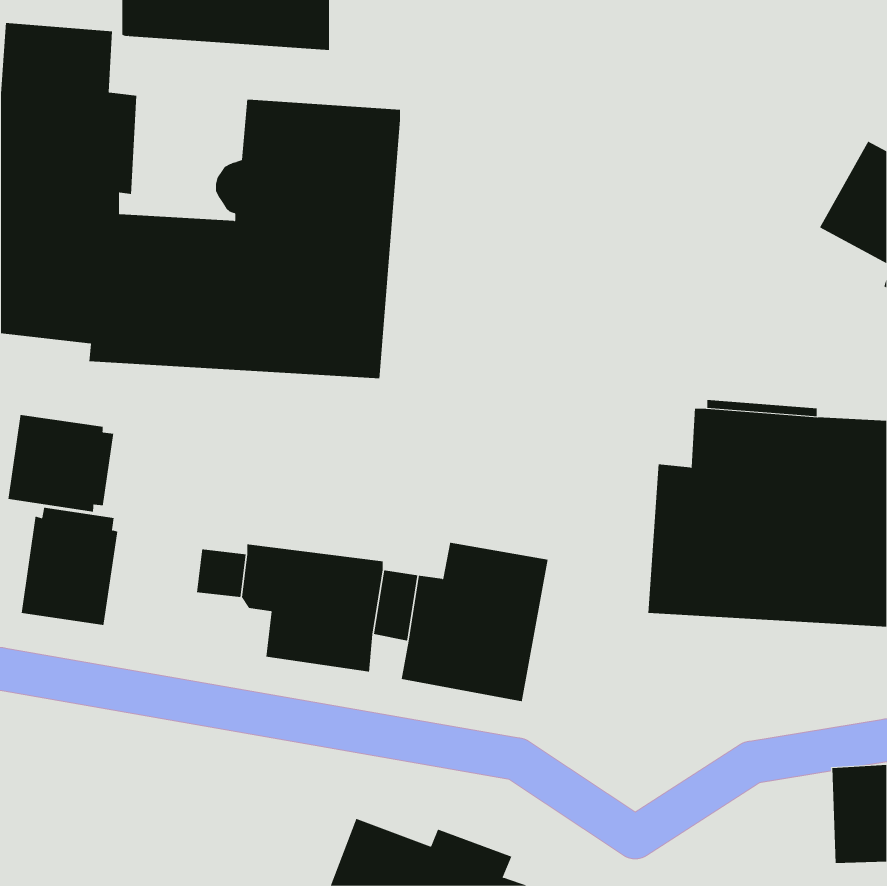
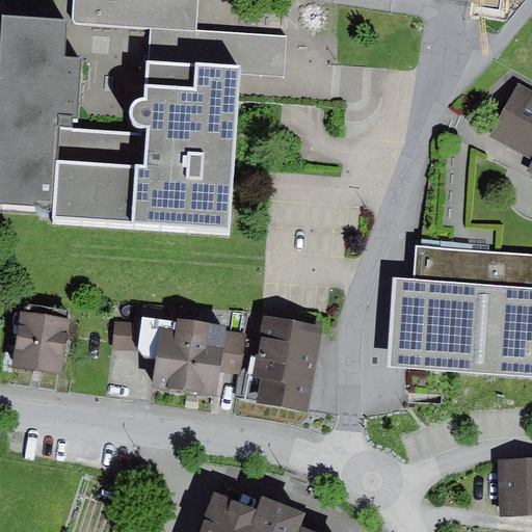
building: none -> [149,27,287,75]
building: [8,414,114,512] -> none

